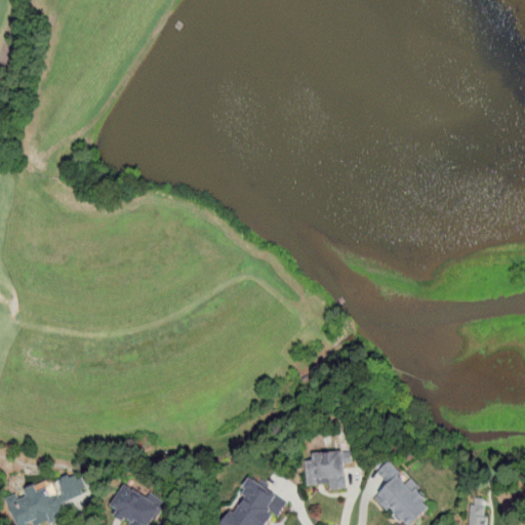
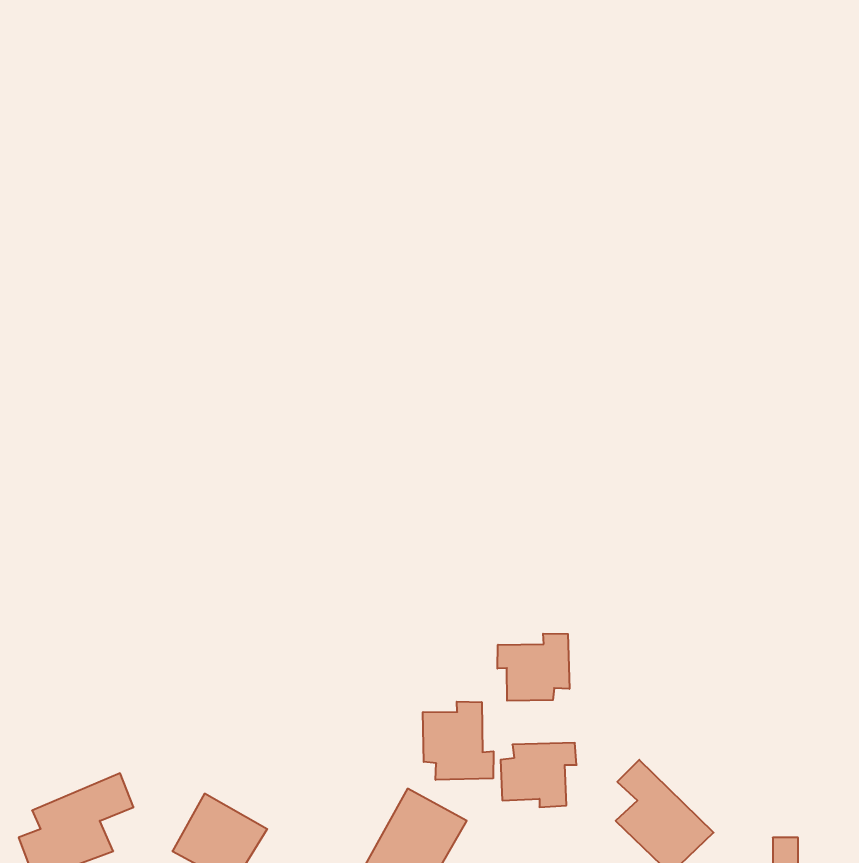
building: none -> [497,634,569,701]
building: none -> [423,702,493,780]

